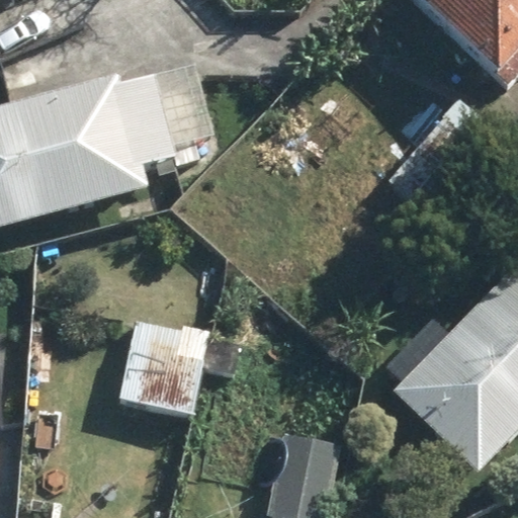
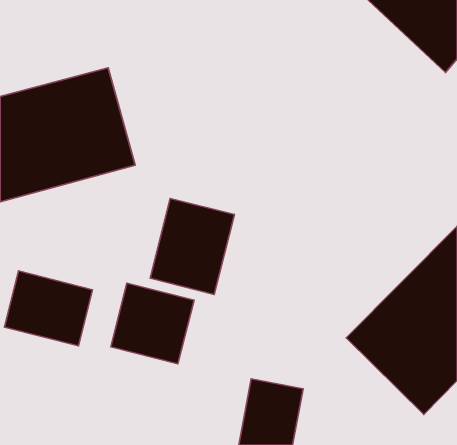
building: none -> [150,198,234,294]
building: none -> [4,271,93,346]

